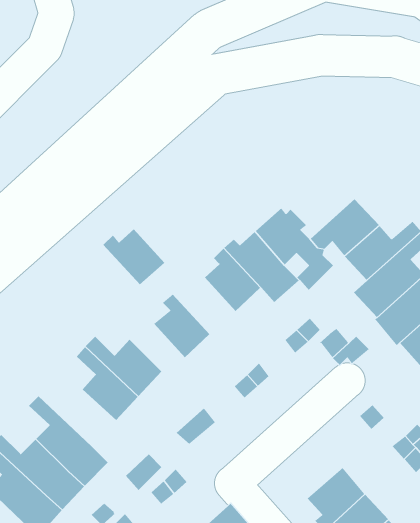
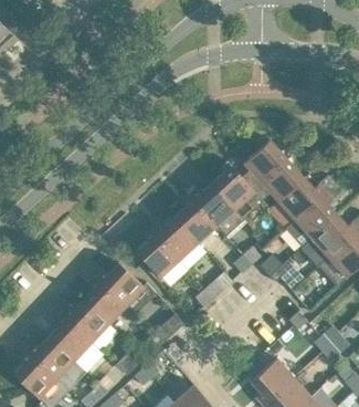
building: none -> [240,139,286,188]
building: [103,229,165,285] -> [151,217,198,259]
building: none -> [52,296,109,342]

